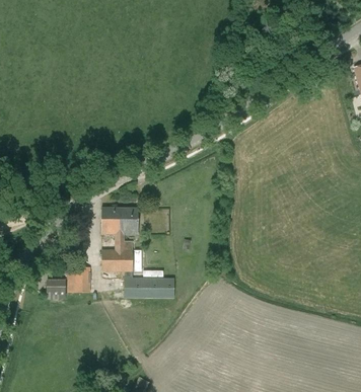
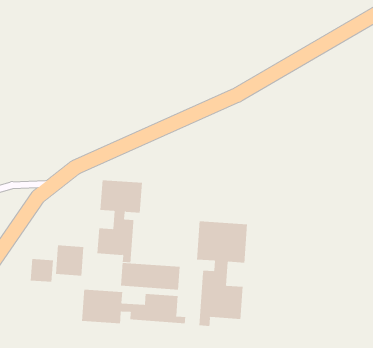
building: none -> [196,221,248,327]
building: none -> [82,289,186,324]

